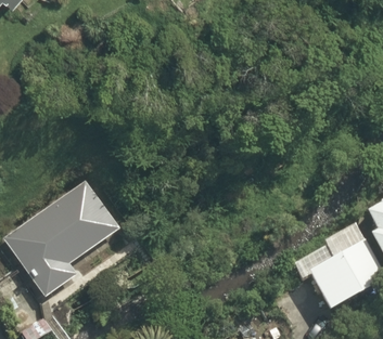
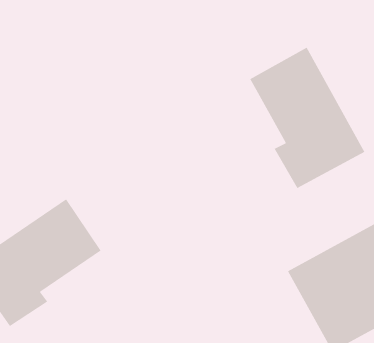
building: none -> [249,47,365,189]

